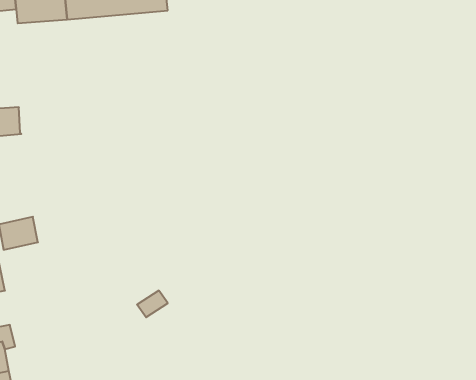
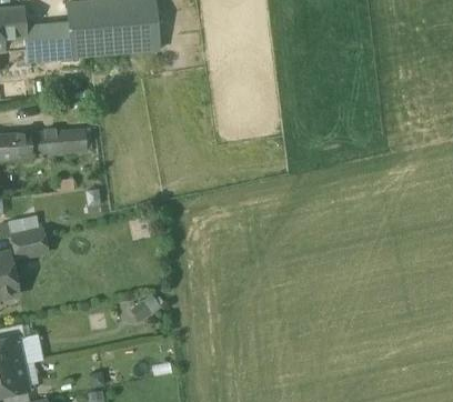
building: none -> [31,128,88,157]

